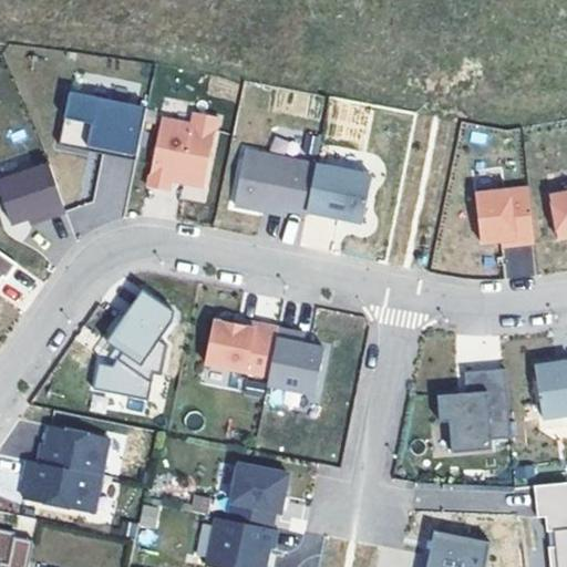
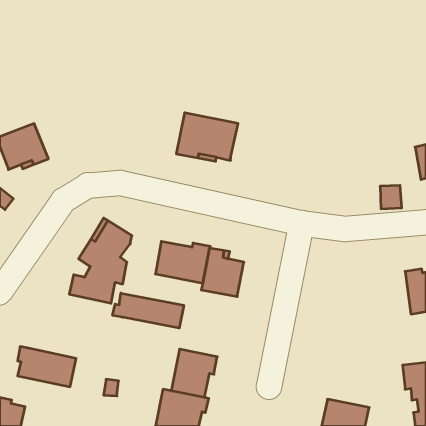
building: [59,92,146,159] -> none
building: [147,121,216,190] -> none
building: [306,164,373,220] -> none
building: [475,186,534,244] -> none
building: [437,368,511,452] -> none
building: none -> [113,293,184,328]
building: [38,425,109,475] -> none

